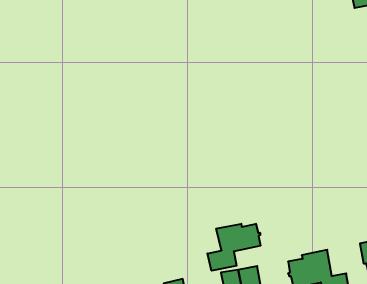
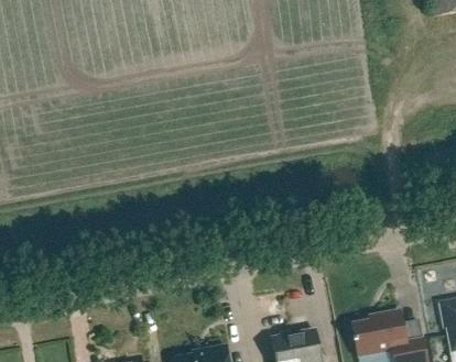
building: [207,224,260,271] -> none

